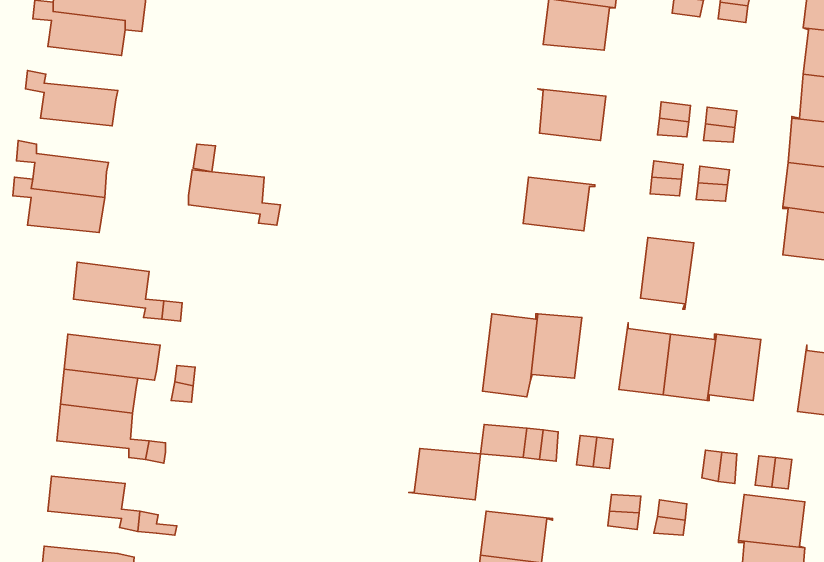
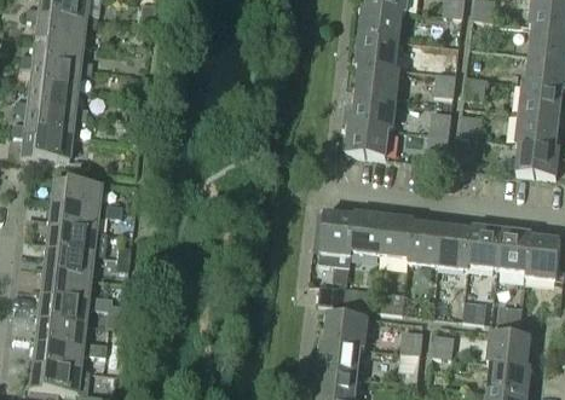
building: none -> [354,36,399,70]
building: none -> [30,37,91,74]
building: none -> [348,94,396,128]
building: [188,170,281,225] -> [25,85,86,121]
building: [640,237,694,309] -> [379,215,414,262]
building: none -> [46,203,97,232]
building: none -> [496,230,531,277]
building: none -> [35,296,86,324]
building: [409,448,481,500] -> [321,313,368,347]
building: none -> [30,342,81,370]

